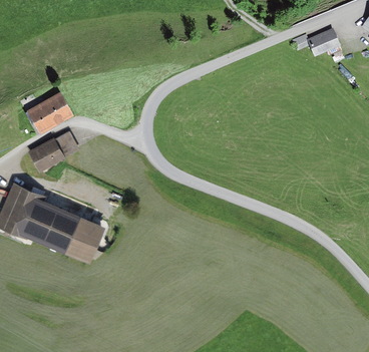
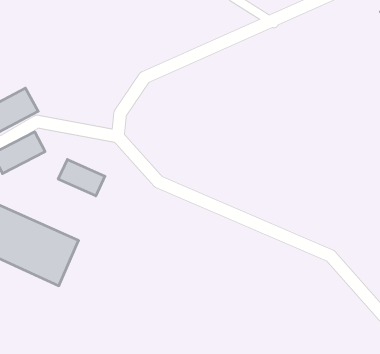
building: [307,29,338,55] -> none
building: none -> [58,159,105,196]

